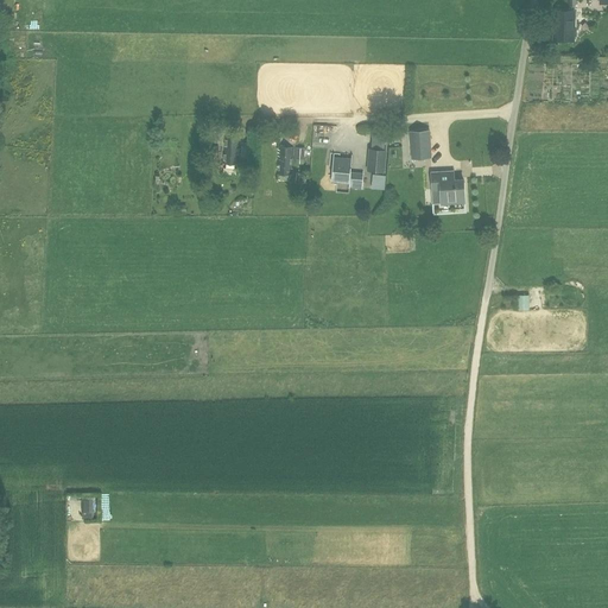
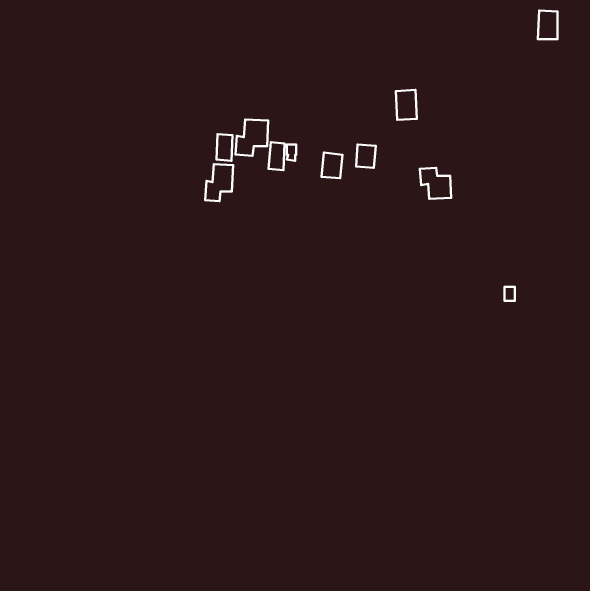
building: none -> [236,120,268,156]
building: [408,129,430,160] -> [396,90,417,120]
building: none -> [205,164,233,201]

